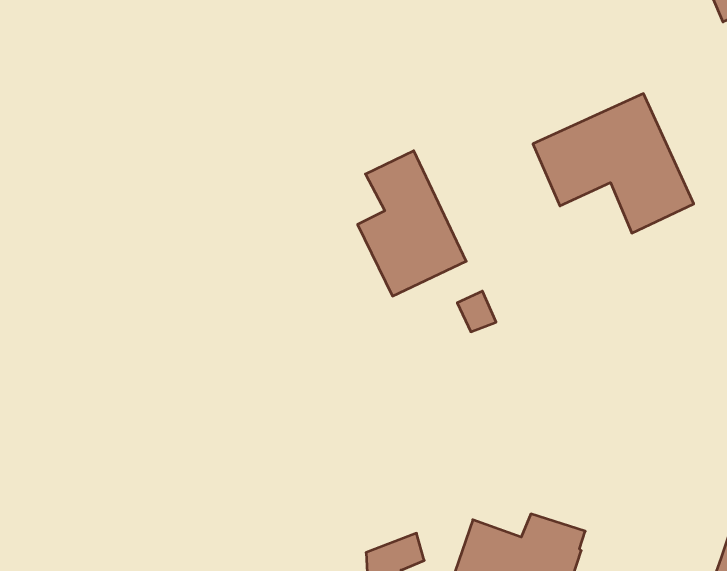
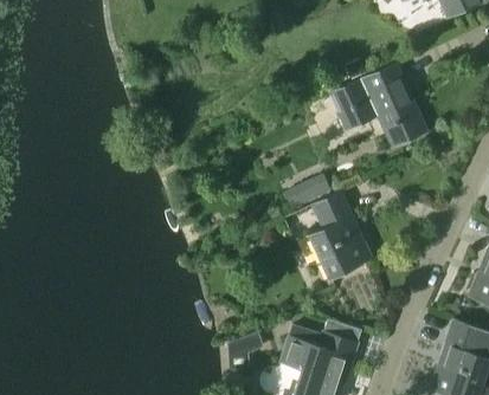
building: [358,151,466,296] -> [307,189,373,278]

